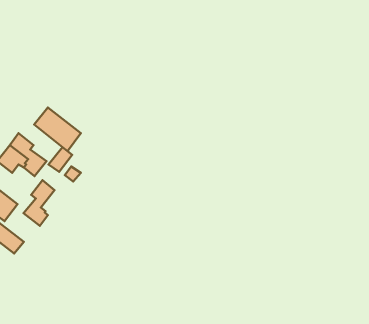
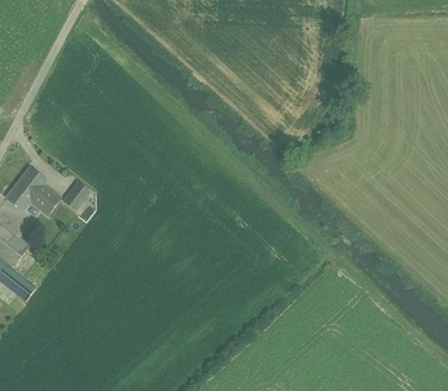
building: [34,107,81,151] -> none
building: [23,180,55,226] -> none

